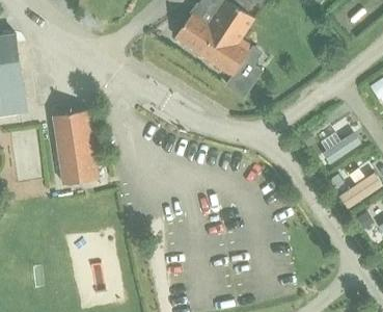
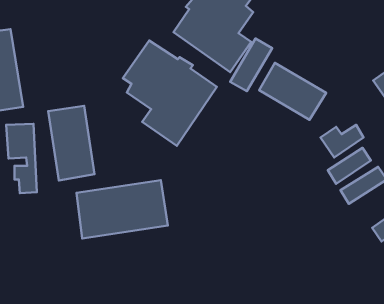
building: none -> [123,40,217,146]
building: none -> [259,63,326,120]
building: none -> [76,180,168,239]

